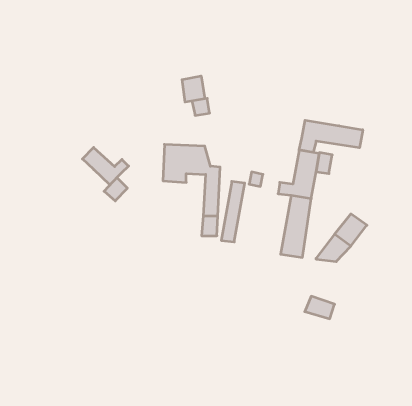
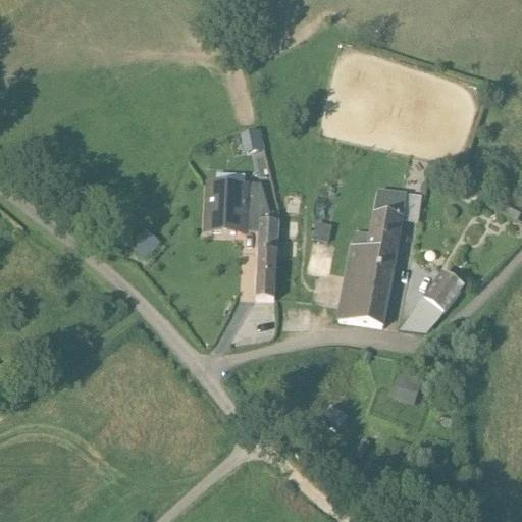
building: [182,76,205,102] -> none
building: [299,120,363,152] -> none
building: [82,147,129,185] -> none
building: [221,181,245,242] -> [338,245,368,321]

